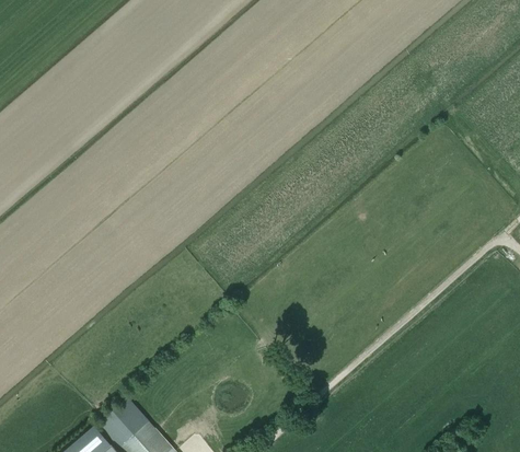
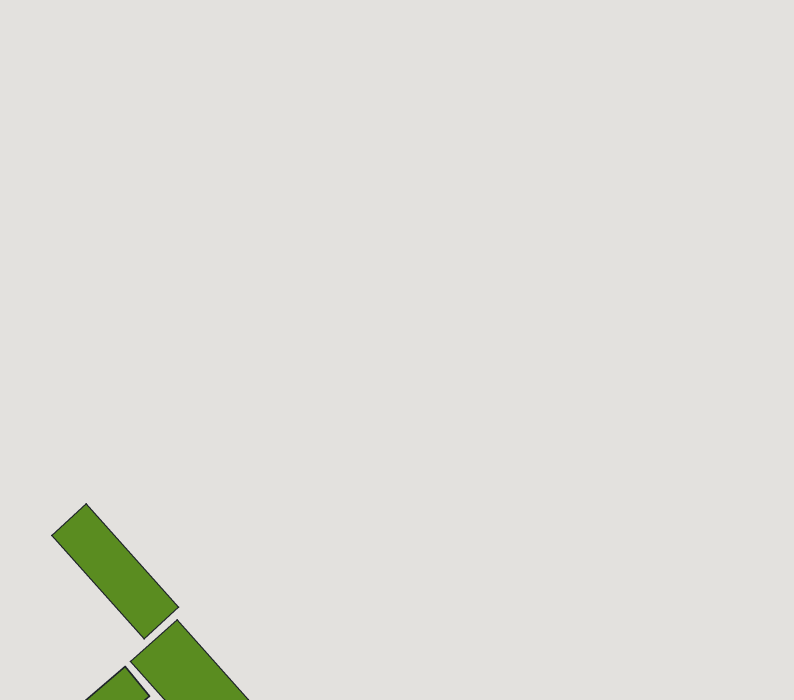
building: none -> [52,504,179,639]

